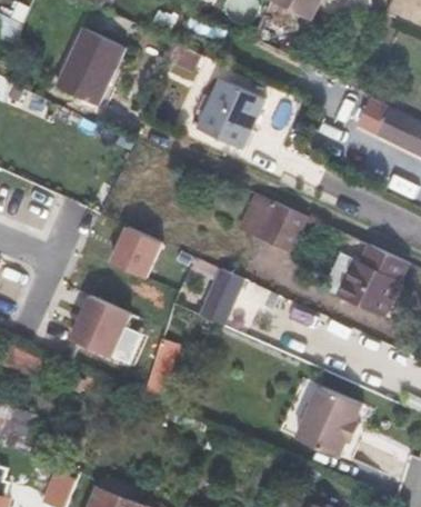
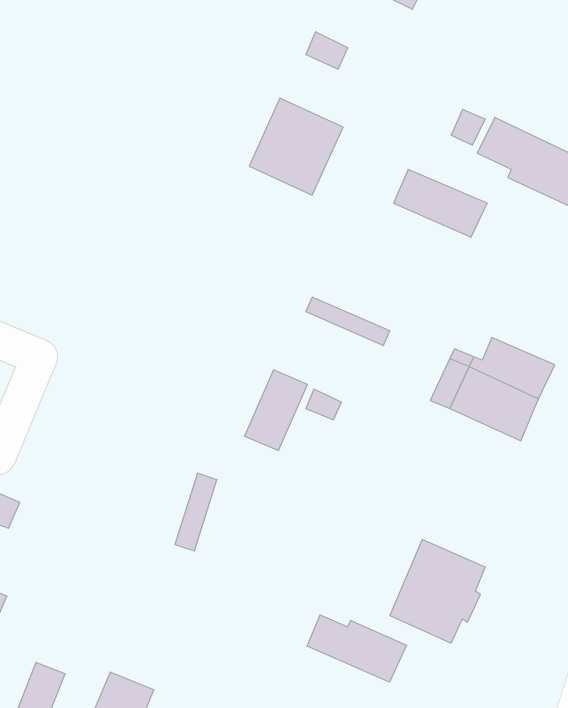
building: [58,30,124,105] -> none
building: [242,195,307,241] -> [394,169,487,237]
building: [111,228,161,279] -> none
building: [71,296,130,357] -> none
building: none -> [307,615,407,682]

